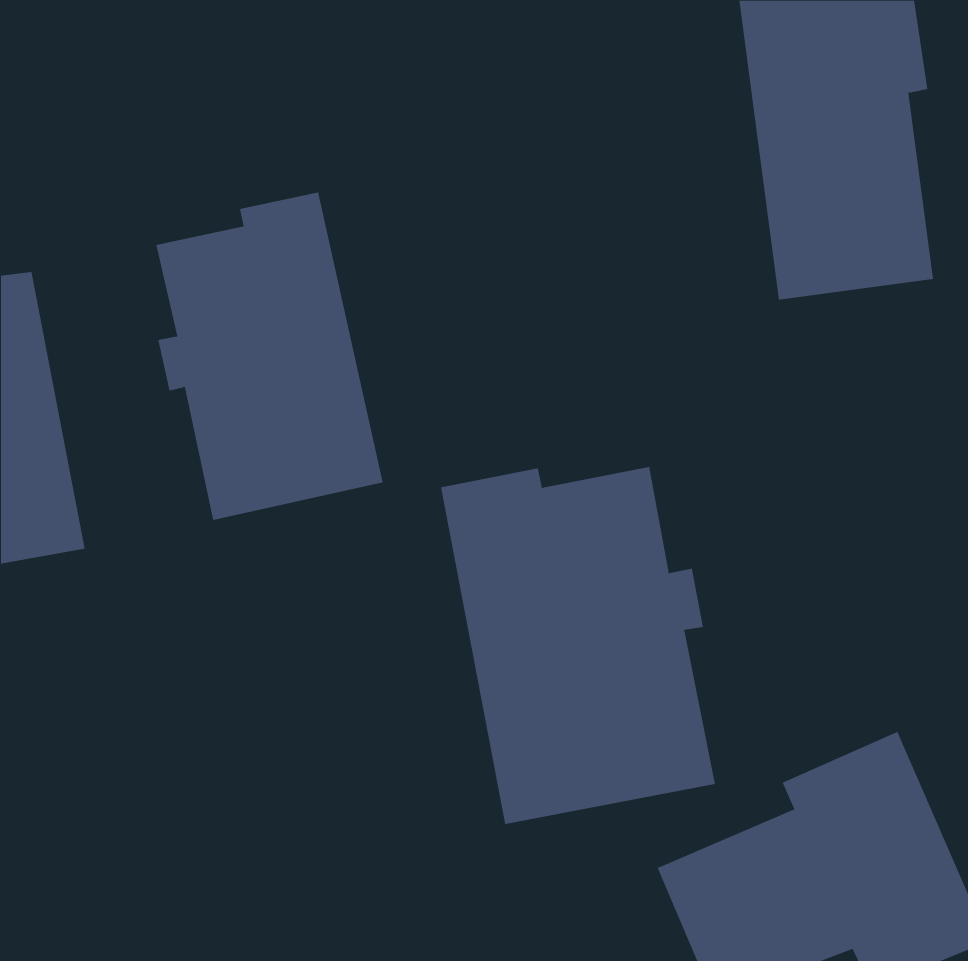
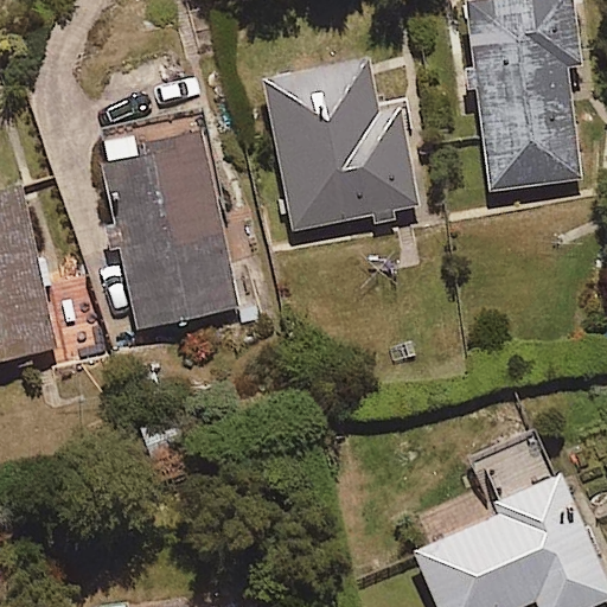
building: none -> [261,52,427,231]
building: [440,466,715,825] -> none

